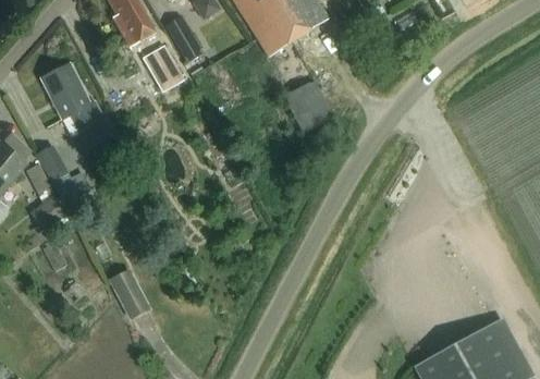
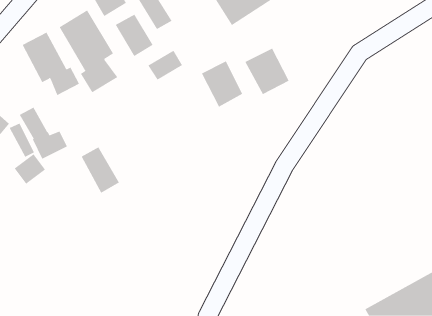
building: none -> [59,9,118,93]
building: none -> [148,50,183,80]
building: none -> [201,60,243,108]
building: [109,268,151,319] -> [81,146,120,193]

